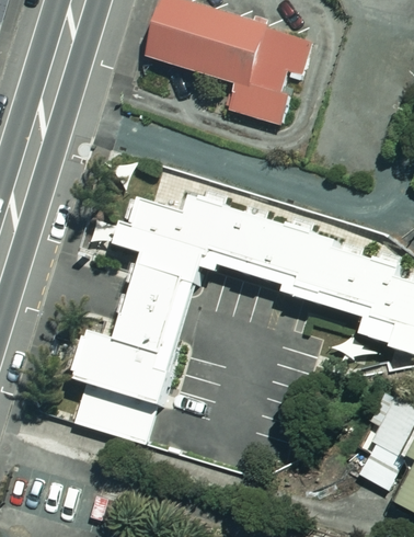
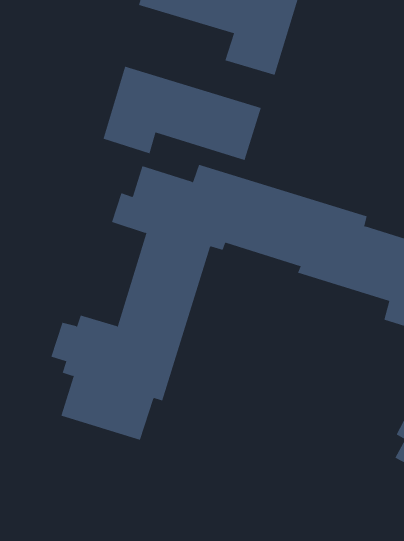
building: none -> [103,66,261,161]

